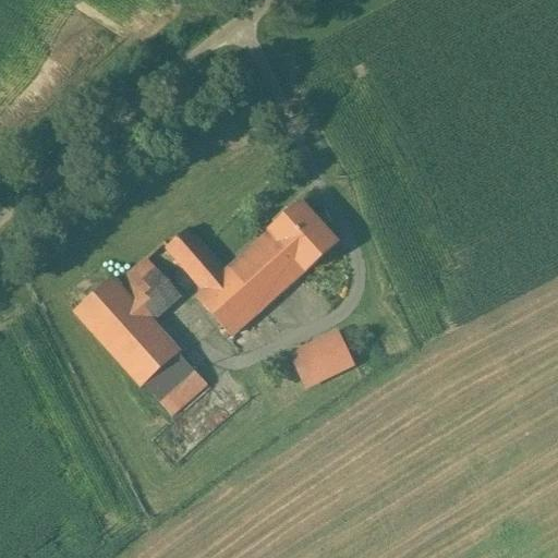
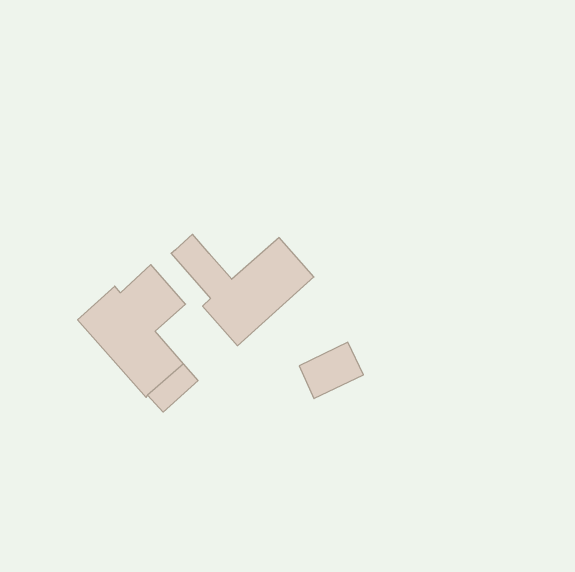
building: [268,201,337,270] -> none
building: [158,368,206,414] -> none

